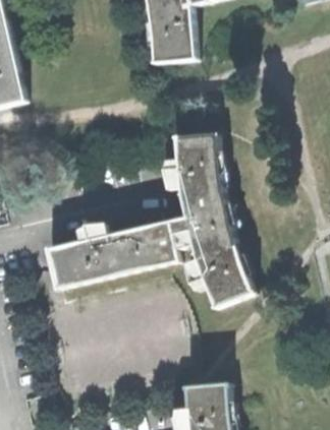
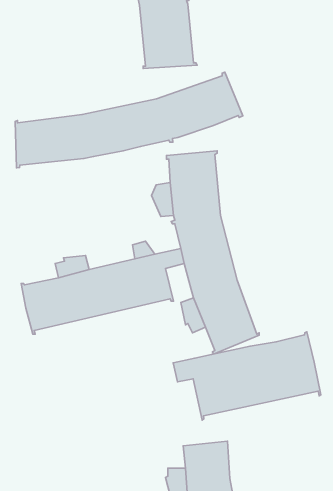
building: none -> [15,72,243,168]
building: none -> [173,332,321,420]

